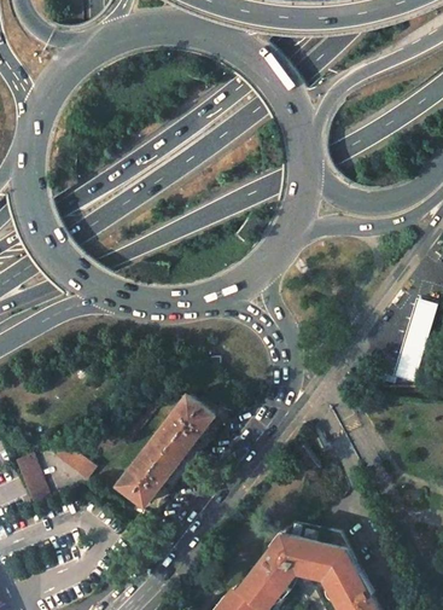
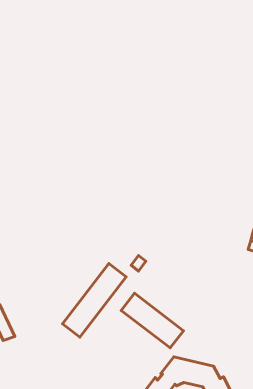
building: none -> [121,293,183,348]
building: [54,447,97,482] -> none

